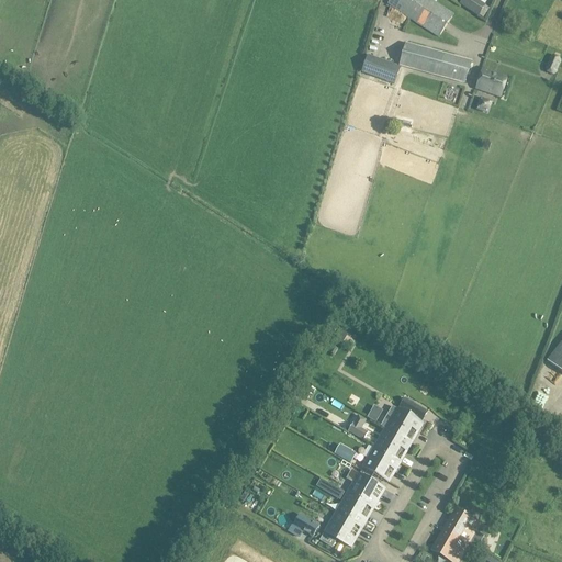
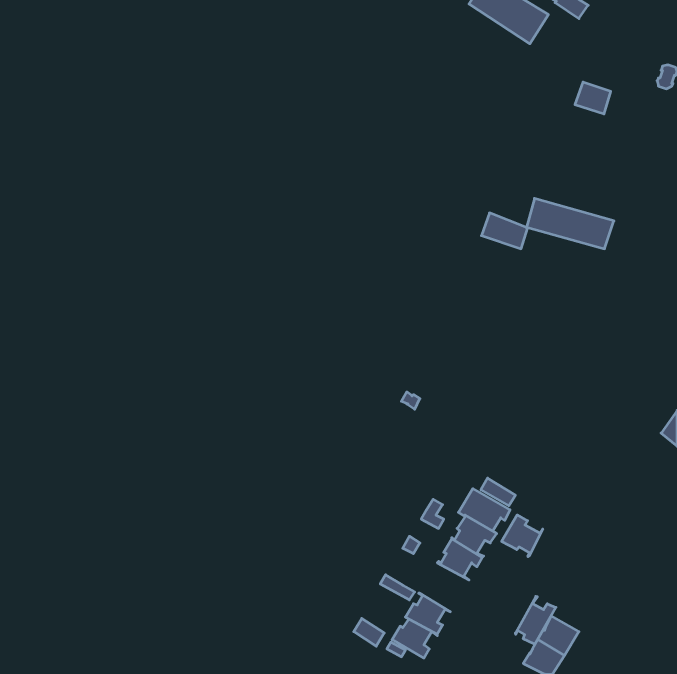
building: [362,41,472,82] -> [481,198,614,249]
building: none -> [502,515,543,557]
building: [348,472,385,507] -> none
building: none -> [515,596,556,645]

